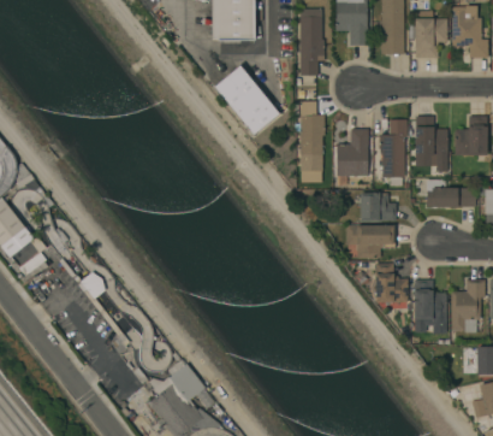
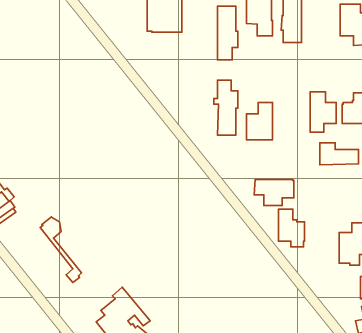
building: [415,18,447,58] -> none
building: [215,66,280,135] -> none
building: [380,119,406,185] -> none
building: [360,193,396,222] -> none
building: [414,279,447,335] -> none

